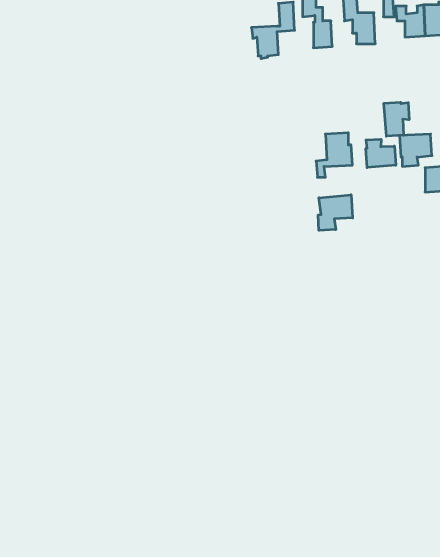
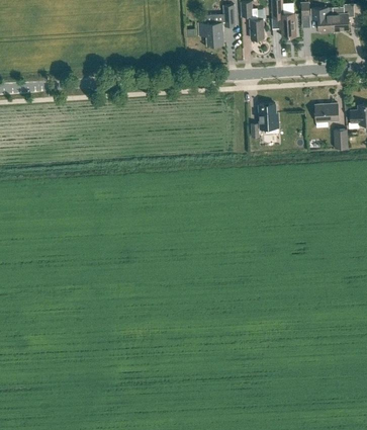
building: [384,102,409,136] -> none
building: [366,139,396,168] -> none
building: [318,195,353,230] -> none

